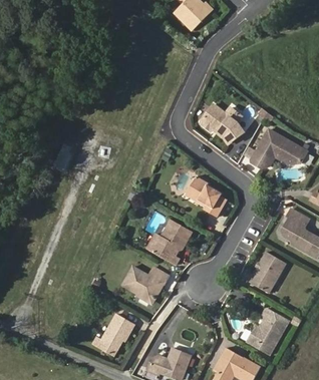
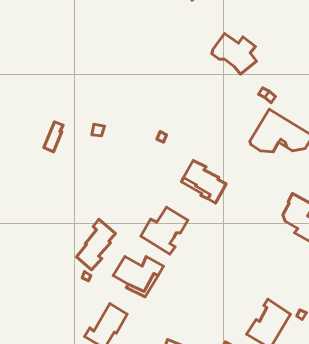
building: [201,105,243,143] -> [212,34,257,74]
building: none -> [77,219,116,270]
building: [248,252,286,294] -> none

